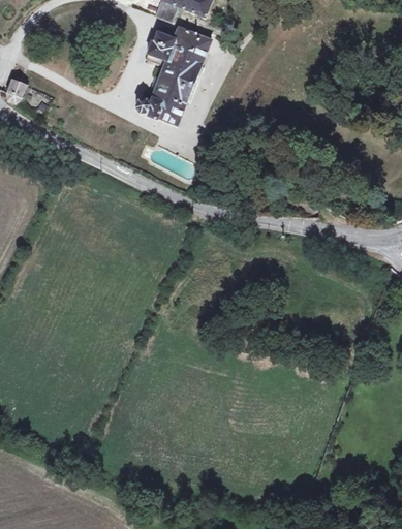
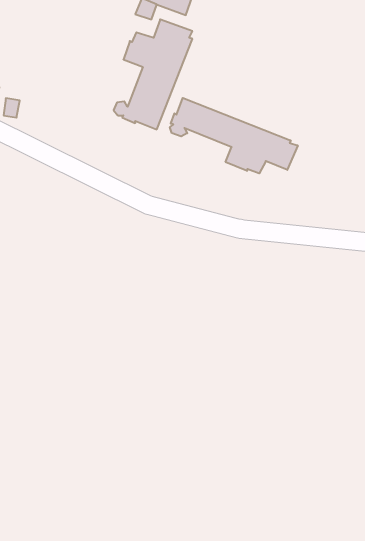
building: none -> [170,98,298,173]

